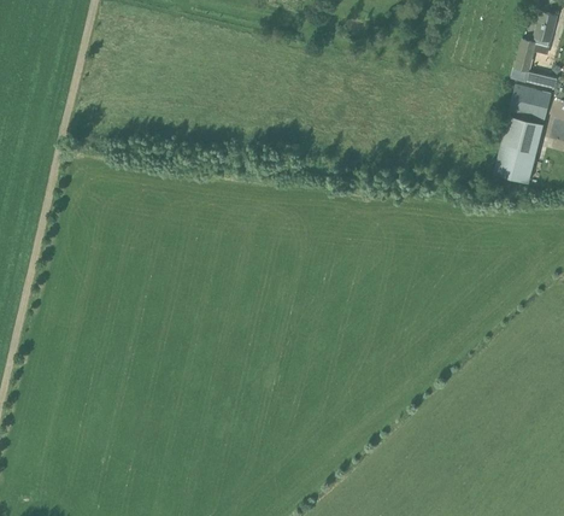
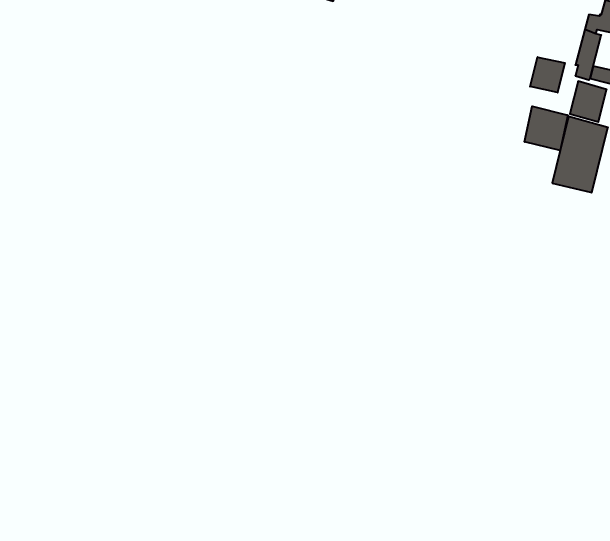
building: none -> [530,57,565,93]
building: none -> [525,106,568,151]

